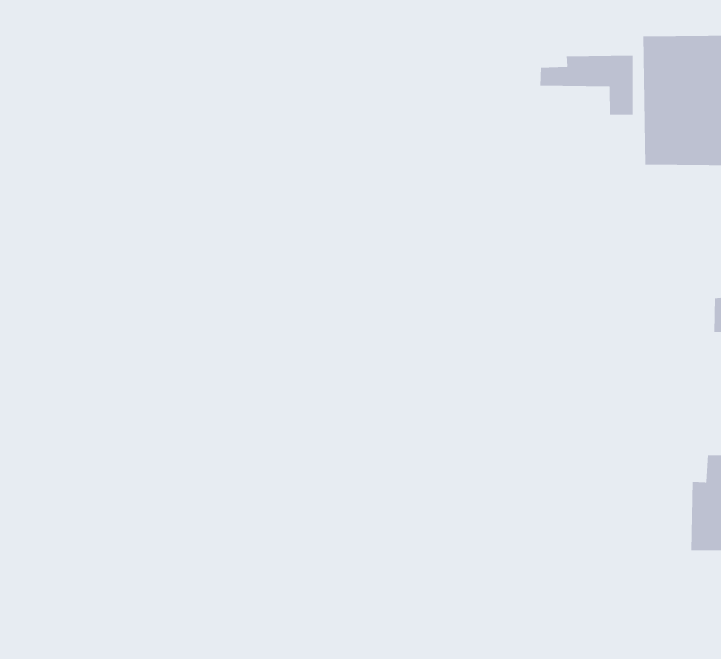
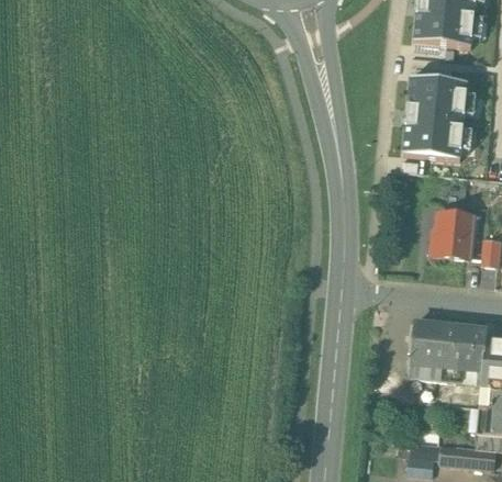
building: [540,55,634,116] -> none

